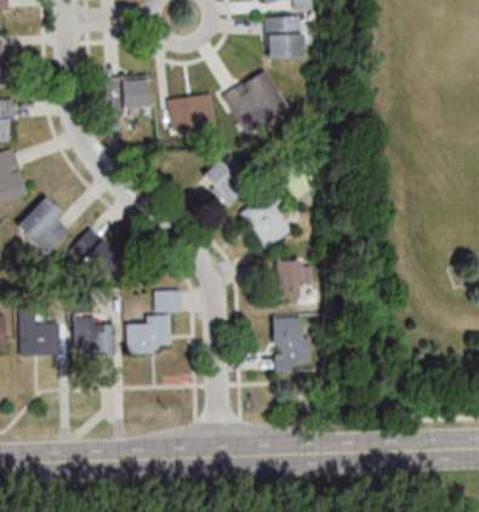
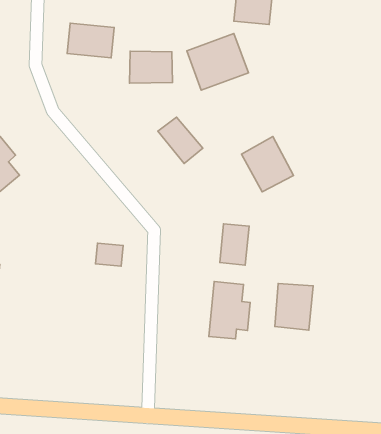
building: [240,193,293,249] -> [241,136,293,192]
building: [65,228,122,285] -> none
building: none -> [275,284,313,330]
building: [126,315,170,352] -> none
building: [73,318,114,353] -> none

